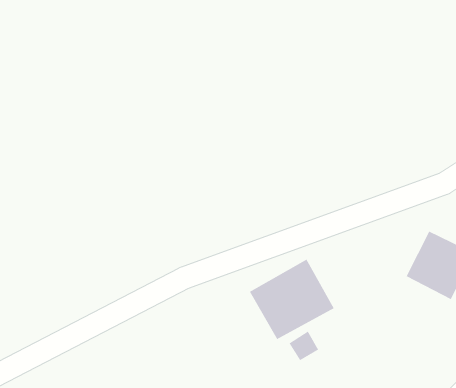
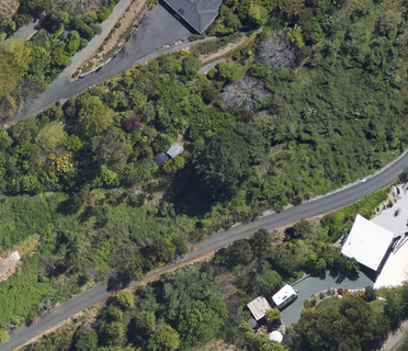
building: [249,258,335,340] -> none

